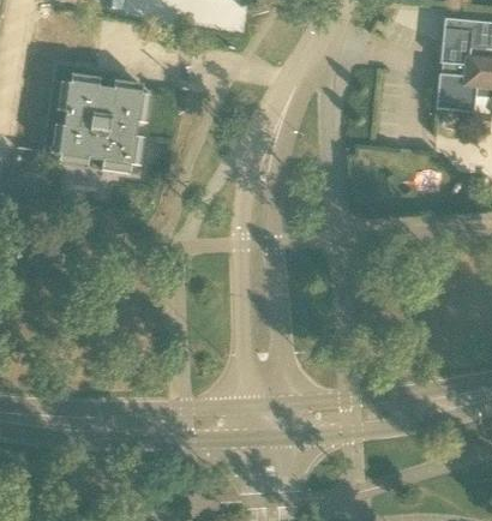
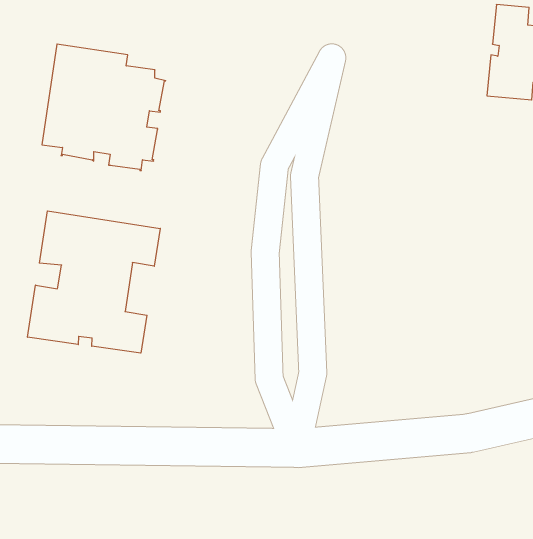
building: none -> [28,211,160,353]

